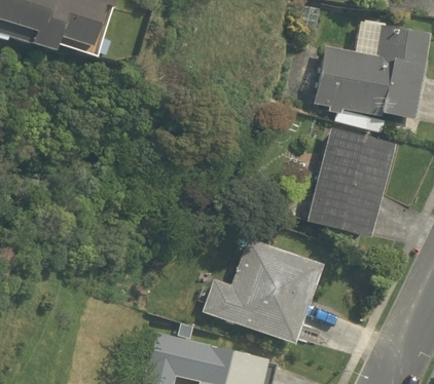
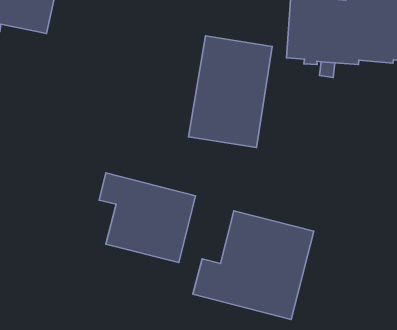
building: [306,128,393,236] -> [188,36,272,147]
building: none -> [99,173,195,263]

